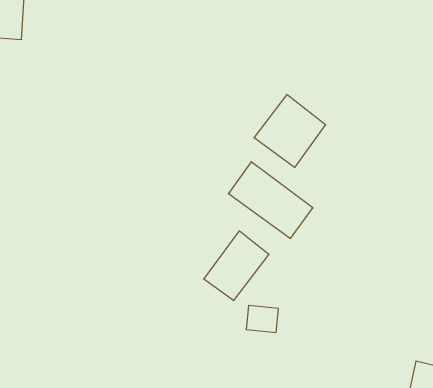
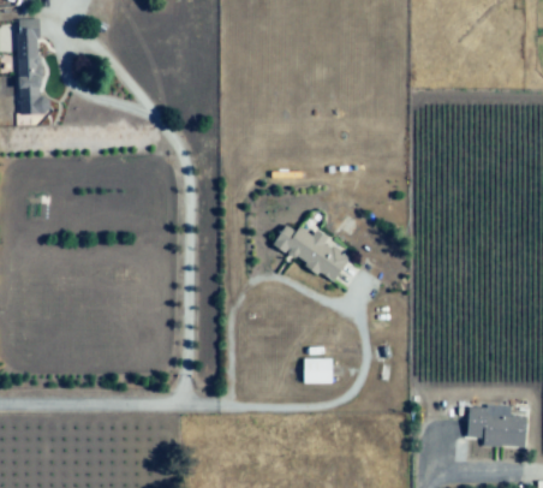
building: [254,95,326,168] -> none
building: [204,231,269,301] -> none

